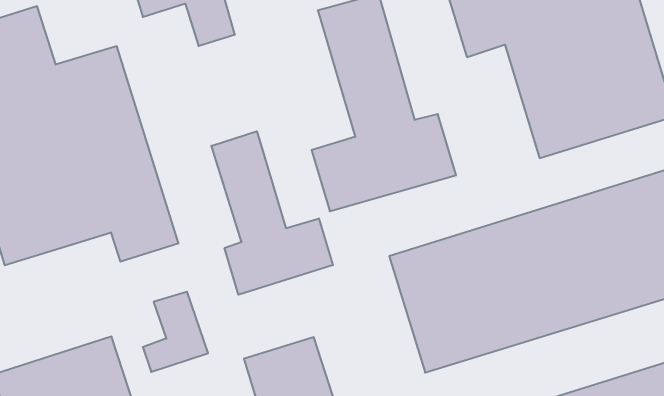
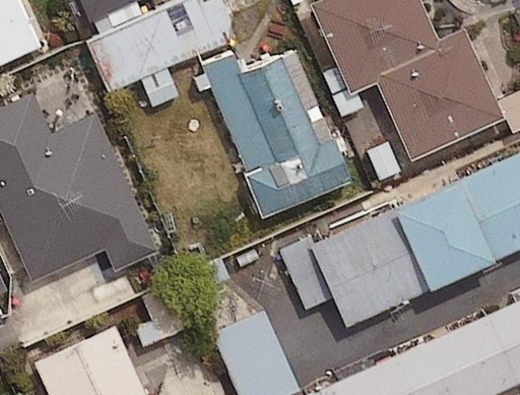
building: [211,131,333,295] -> none

